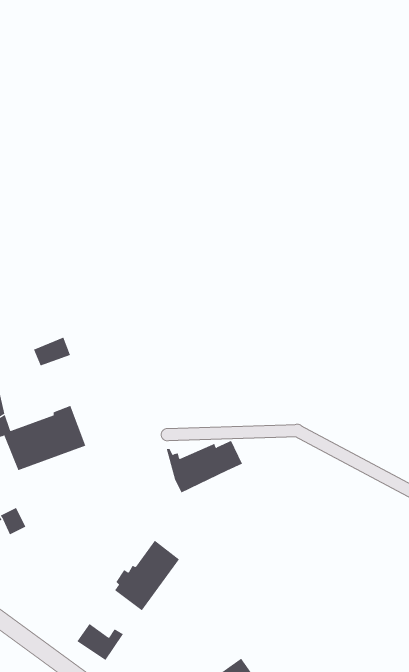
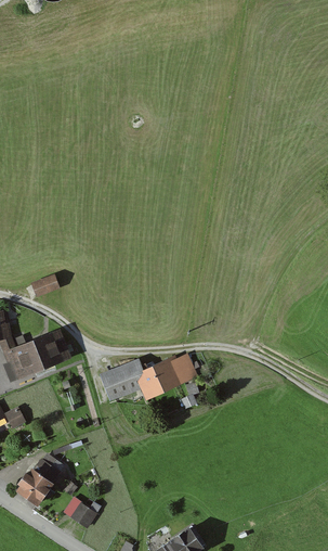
building: none -> [100,362,141,398]
building: [114,540,180,611] -> [16,451,67,507]

